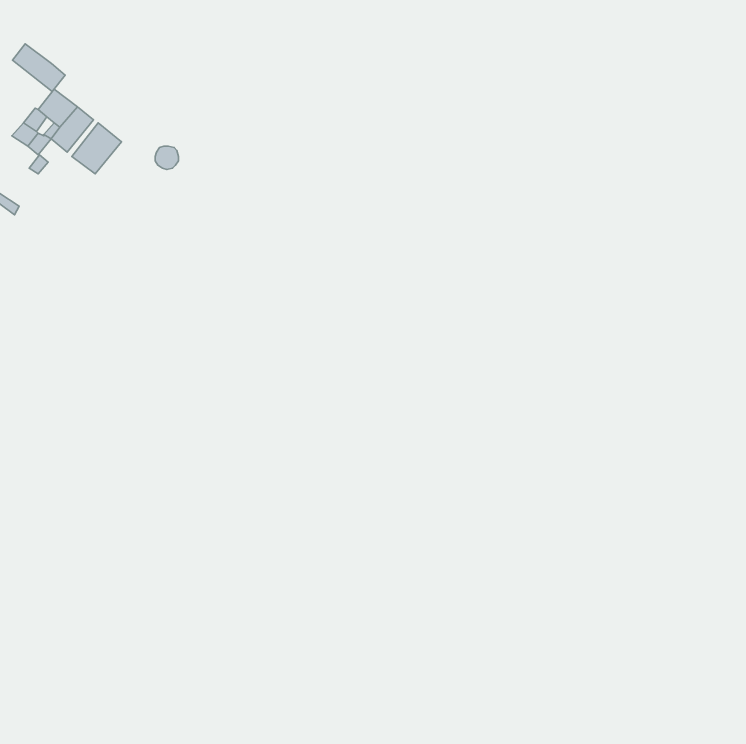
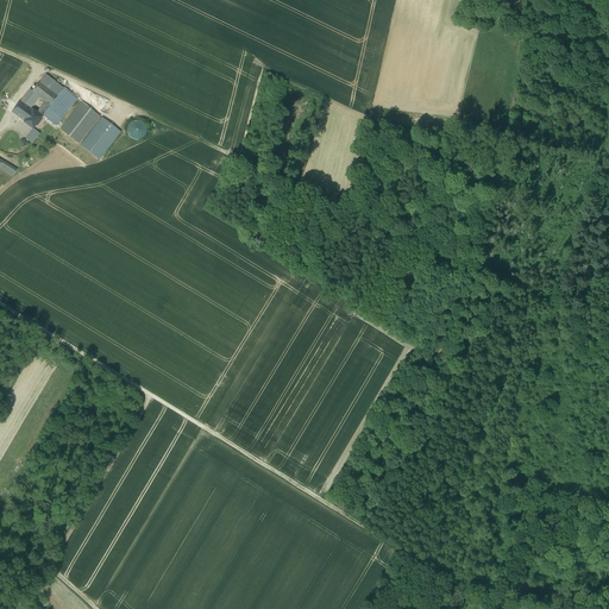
building: [12,44,65,91] -> none
building: none -> [79,115,120,158]

